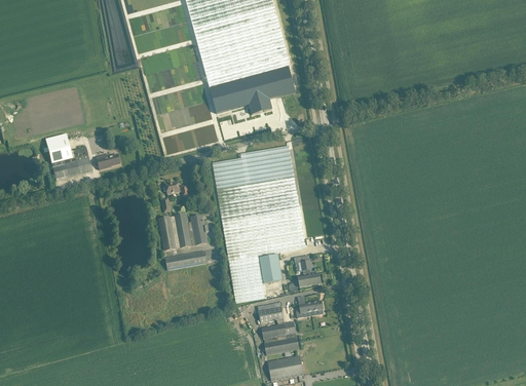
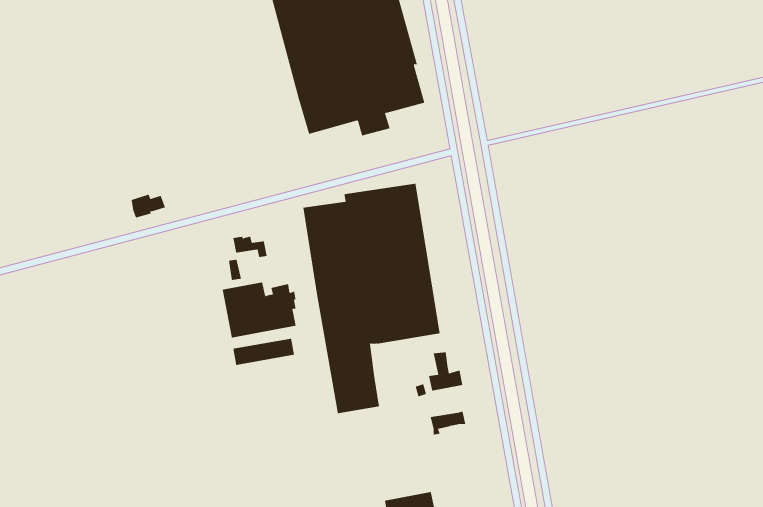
building: [45,132,92,180] -> none
building: [259,254,283,282] -> none
building: [259,302,299,356] -> none

